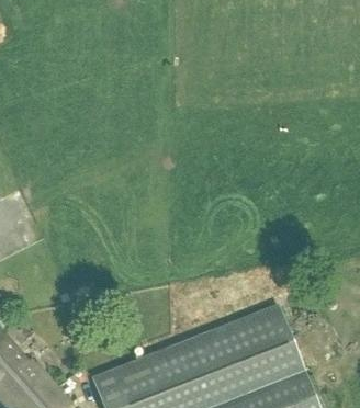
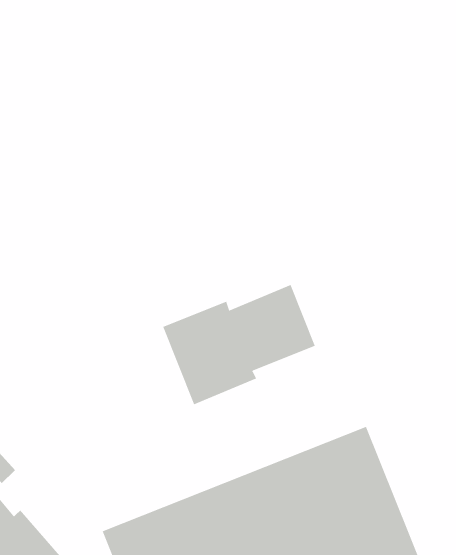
building: none -> [162,284,315,405]

